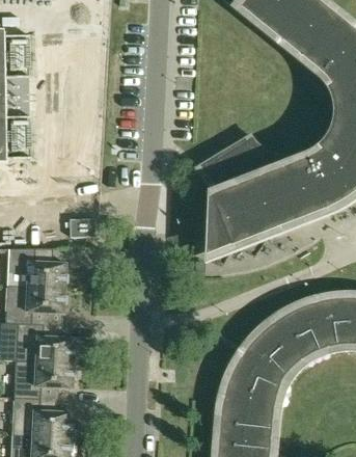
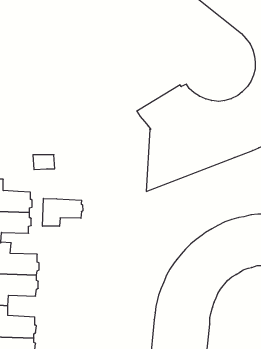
building: none -> [43,198,83,226]

